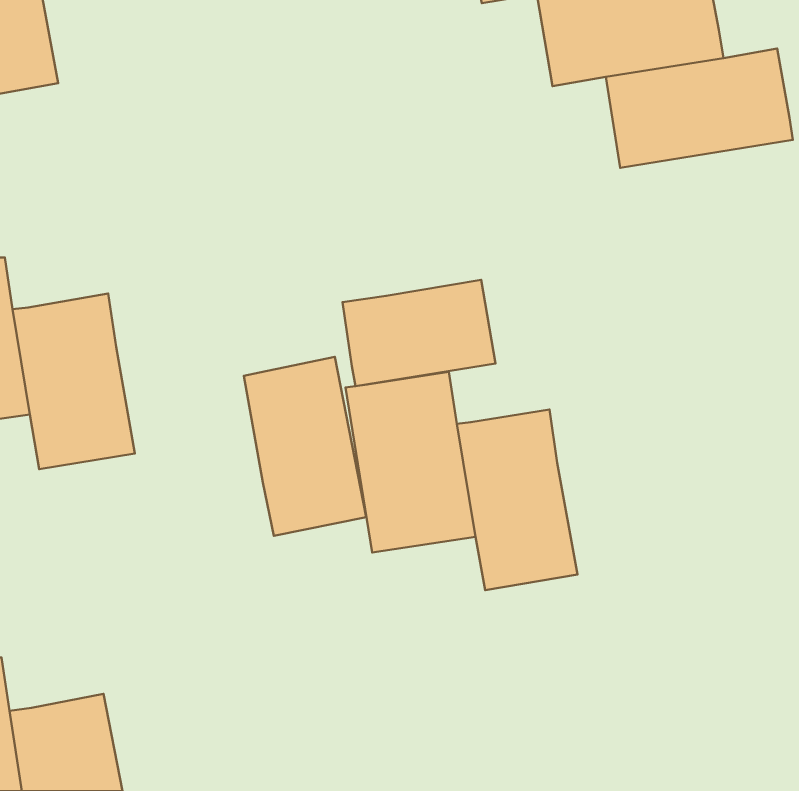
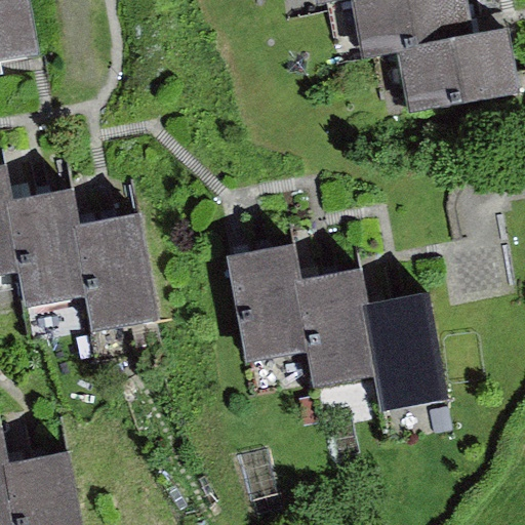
building: [343,280,495,386] -> none
building: [244,357,366,536] -> [76,214,156,331]
building: none -> [364,291,449,411]

